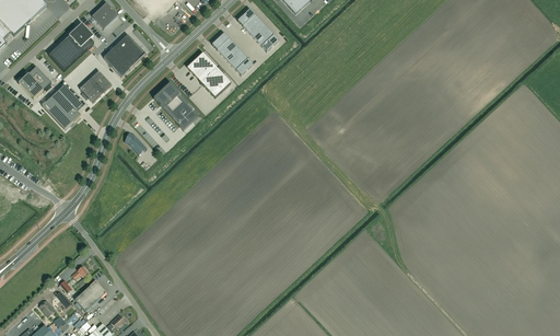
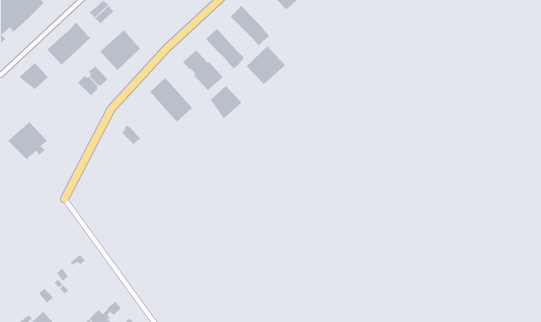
building: none -> [246,45,286,85]
building: [42,83,83,123] -> [7,122,48,160]
building: none -> [210,85,242,119]
building: [74,278,106,309] -> none

